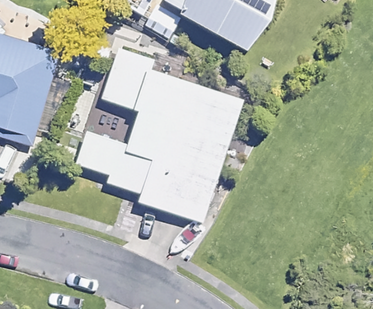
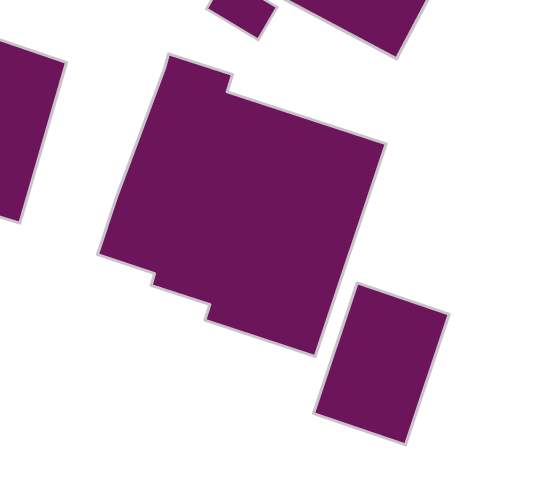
building: none -> [314,283,449,445]

